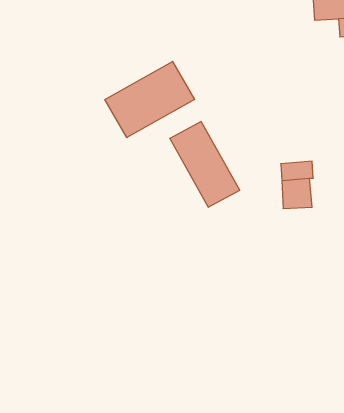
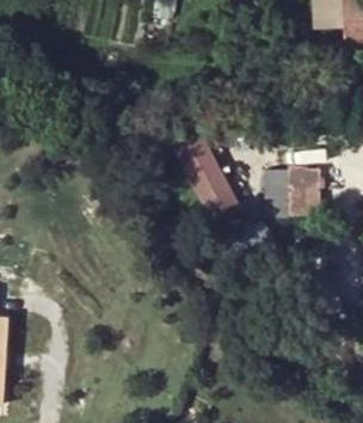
building: [105,61,194,138] -> none

